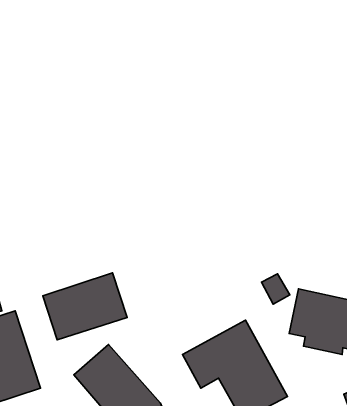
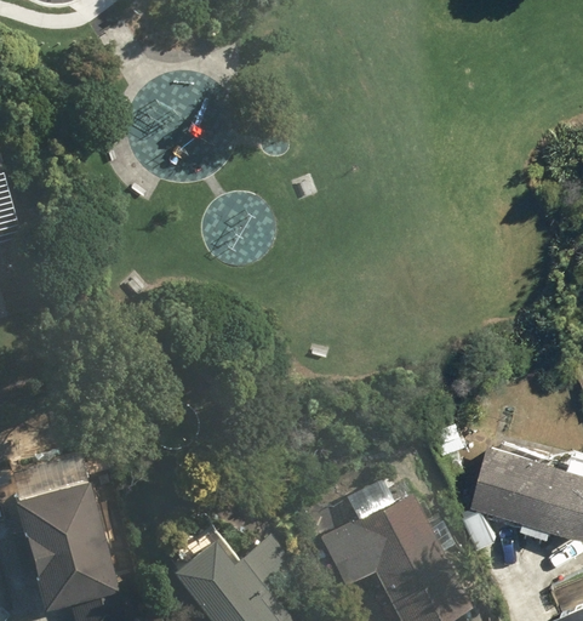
building: [43,273,127,340] -> none

